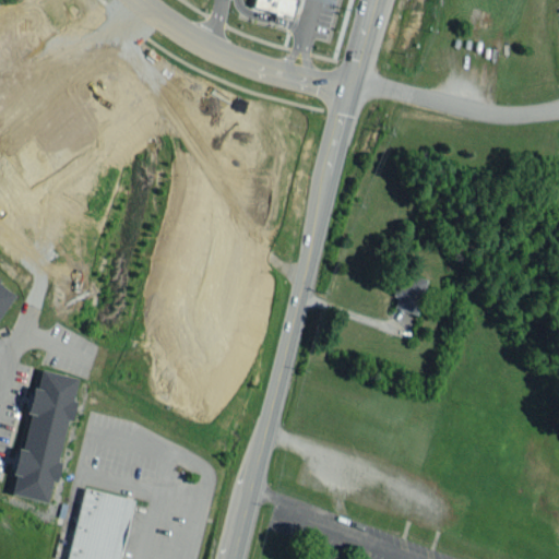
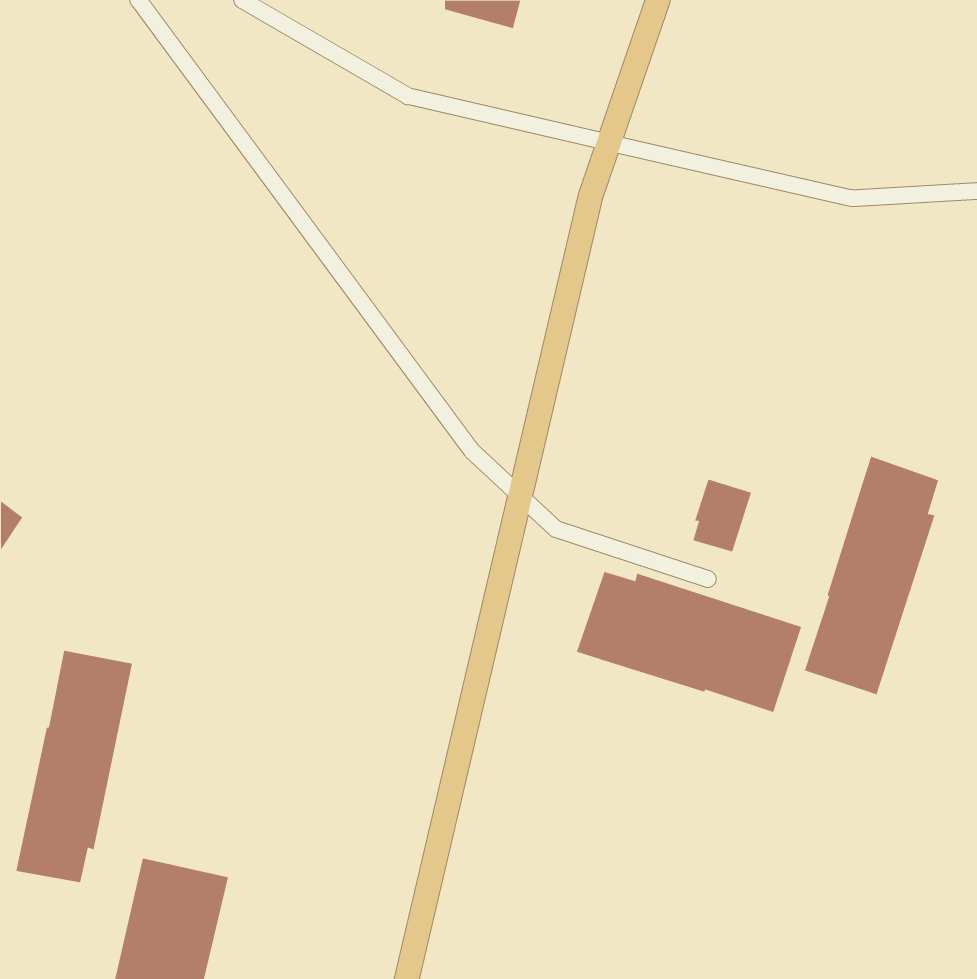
building: none -> [804,456,939,695]
building: none -> [576,571,802,713]

